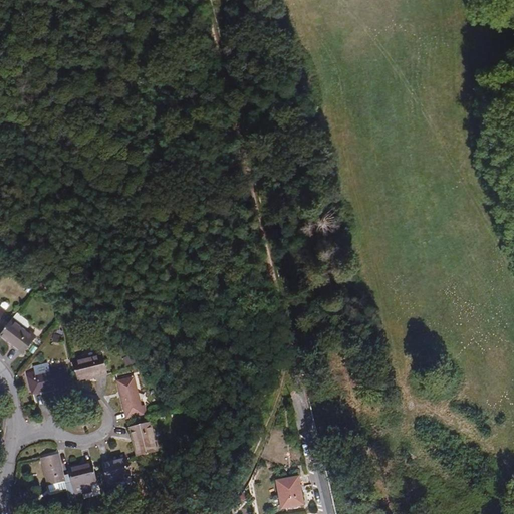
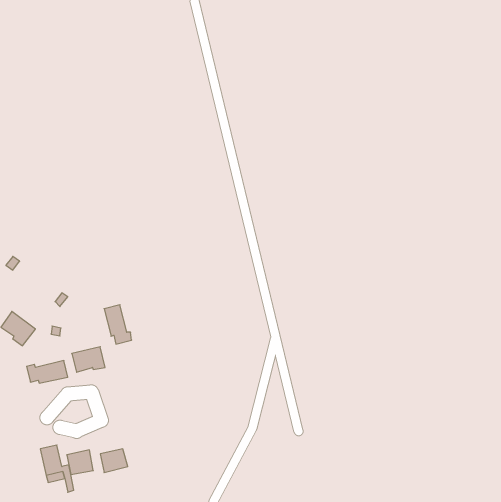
building: [117,377,146,418] -> [104,305,132,344]
building: [128,423,157,455] -> none
building: [276,477,303,508] -> none

